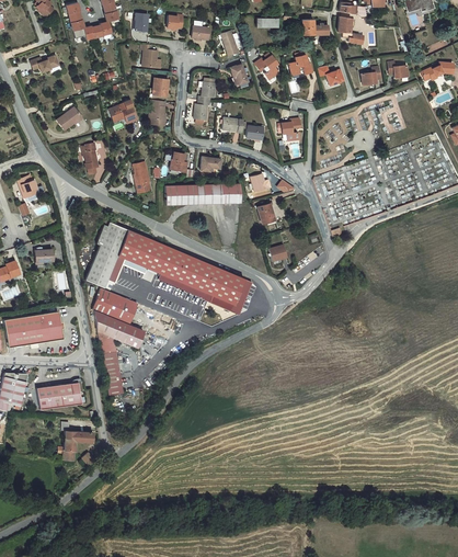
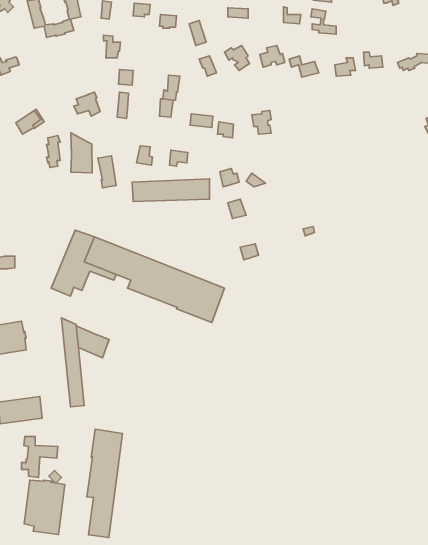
building: none -> [71,133,92,173]
building: [96,292,139,328] -> none
building: none -> [87,429,122,537]
building: none -> [24,480,65,535]

